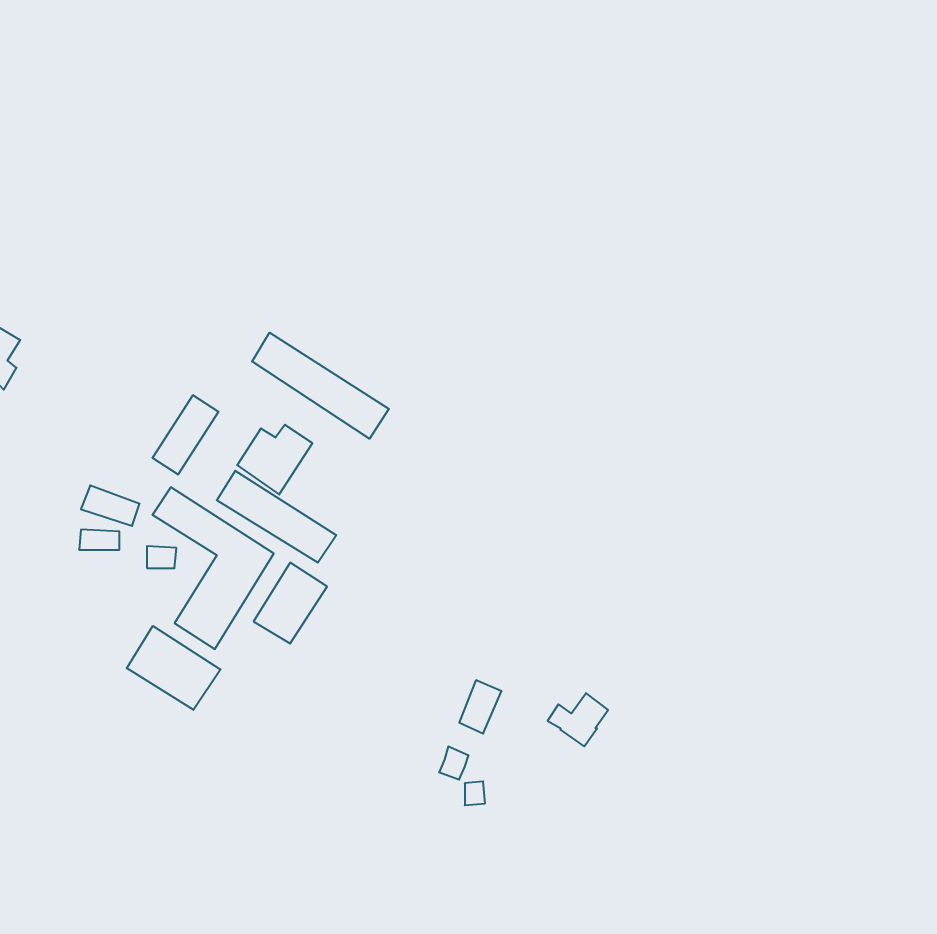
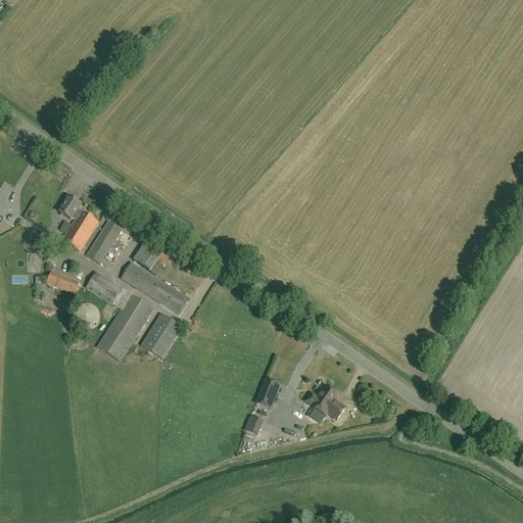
building: [252,333,389,439] -> none
building: none -> [59,196,97,250]
building: [127,626,221,710] -> none

